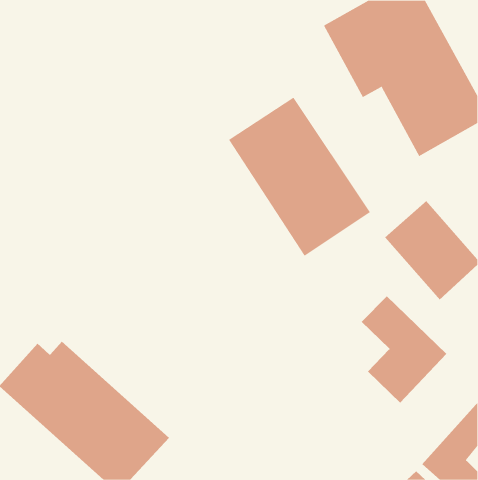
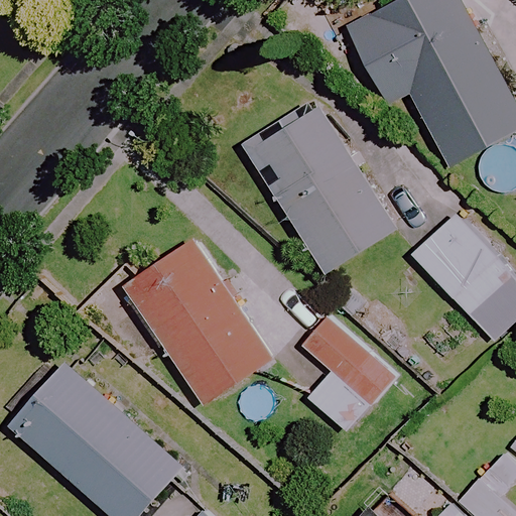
building: none -> [123,239,275,406]
building: [361,295,447,403] -> [301,316,394,432]

